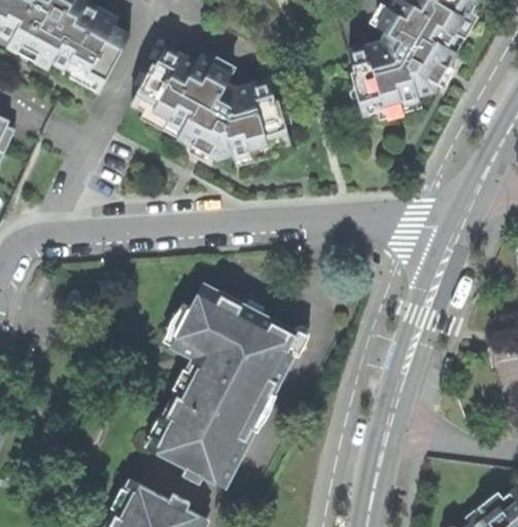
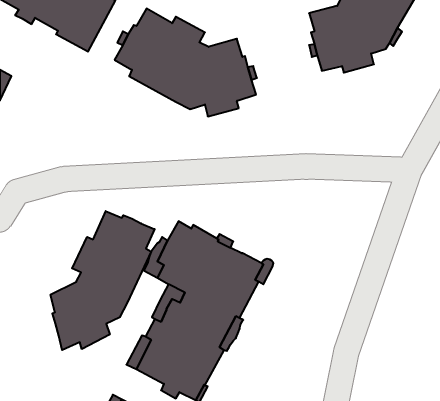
building: none -> [51,211,155,350]

